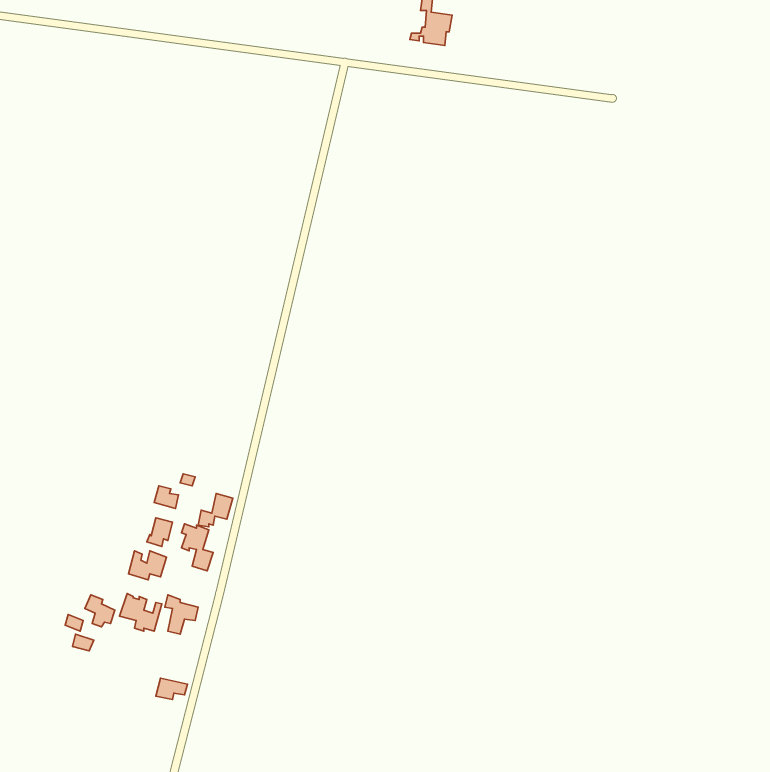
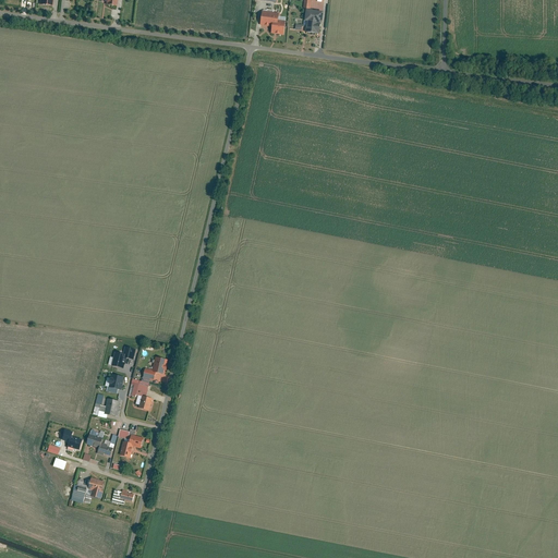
building: none -> [260,10,286,35]
building: none -> [72,476,106,502]

